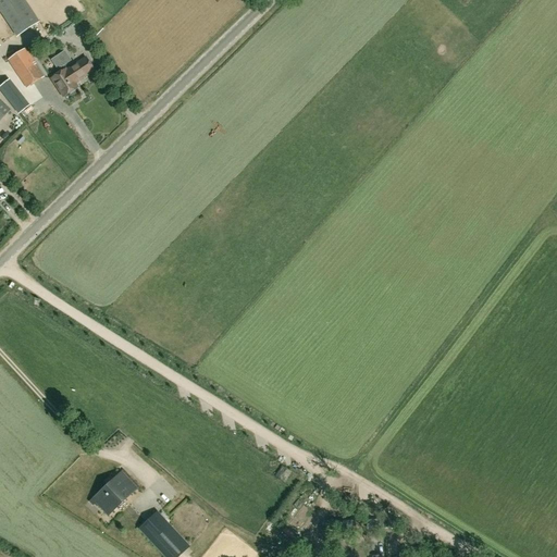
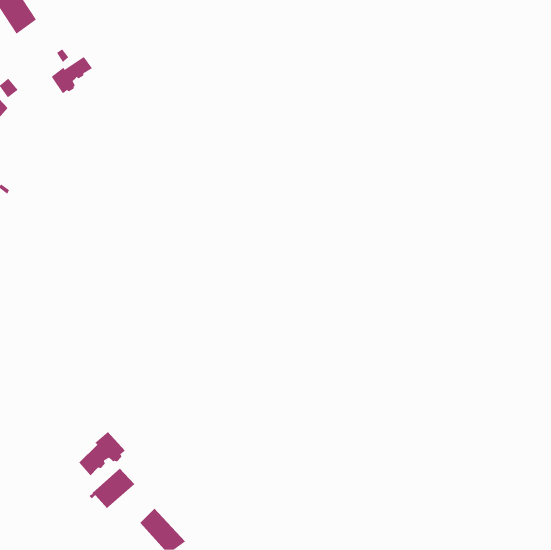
building: [7,47,44,87] -> none
building: none -> [78,431,126,476]

